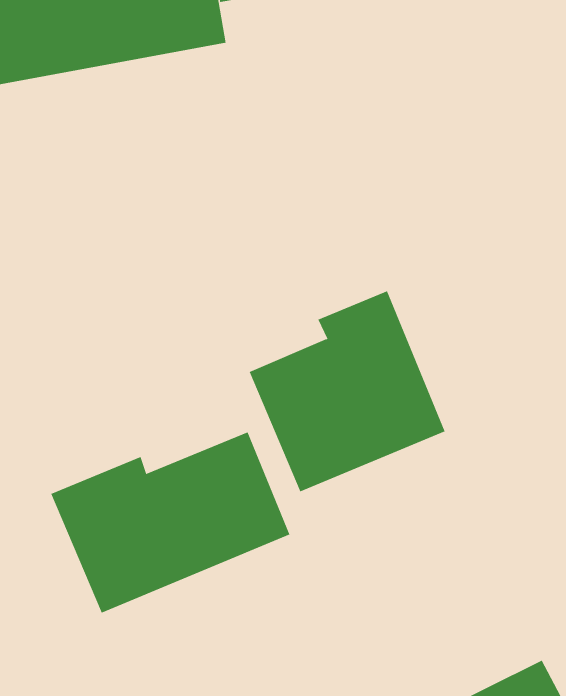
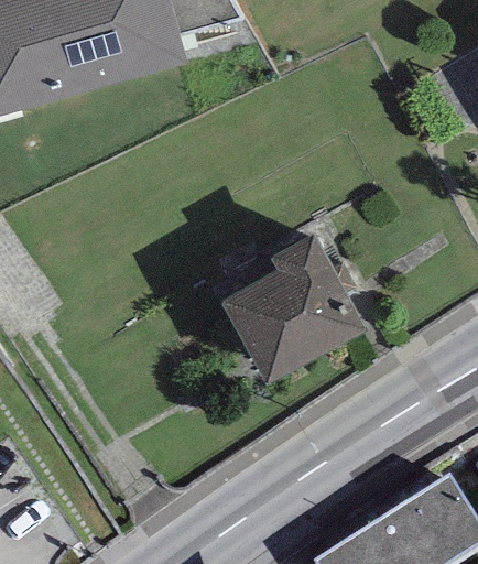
building: [51,432,290,614] -> none

